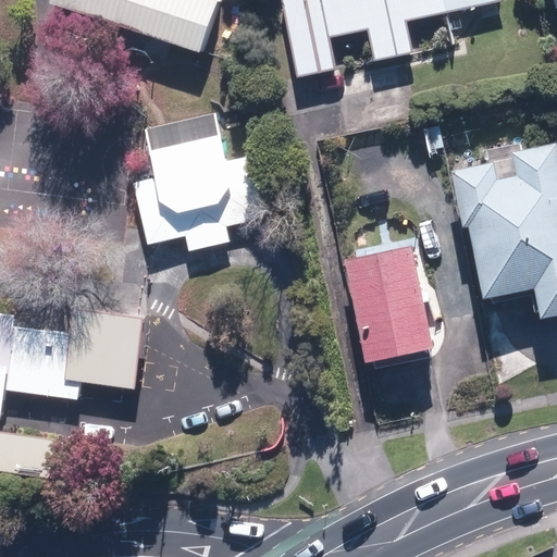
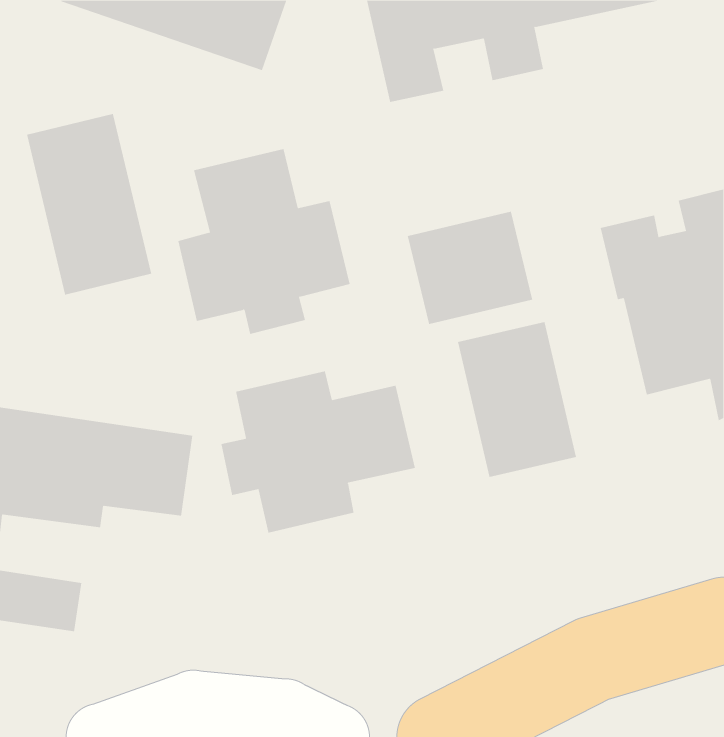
building: none -> [26,113,152,295]
building: none -> [407,211,533,325]
building: none -> [221,370,415,534]

